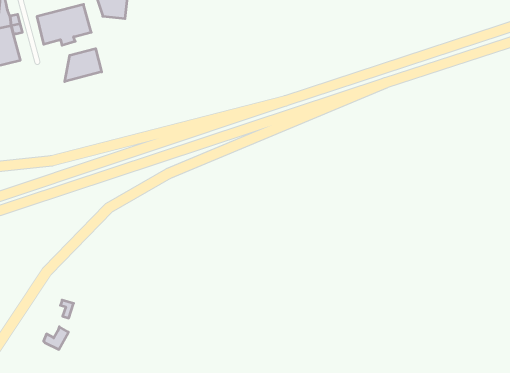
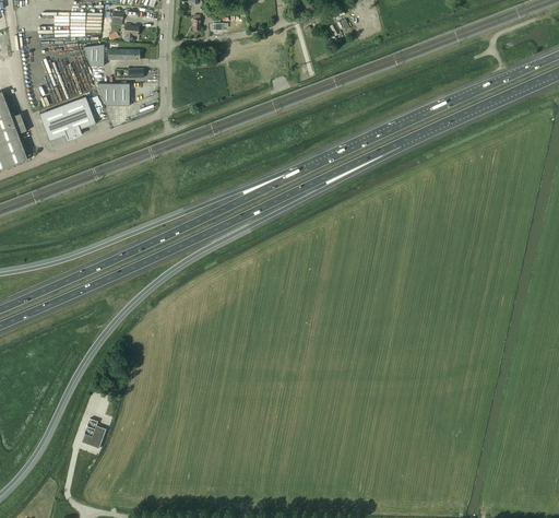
building: [65,49,102,82] -> none

